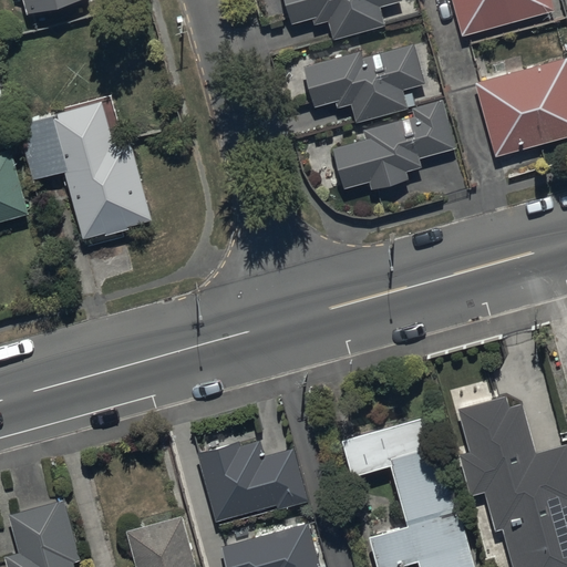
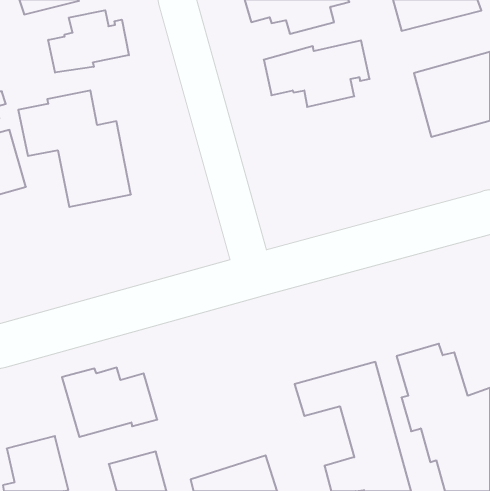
building: none -> [48,10,129,73]
building: [333,101,455,192] -> none
building: [197,443,307,523] -> [62,368,157,437]

